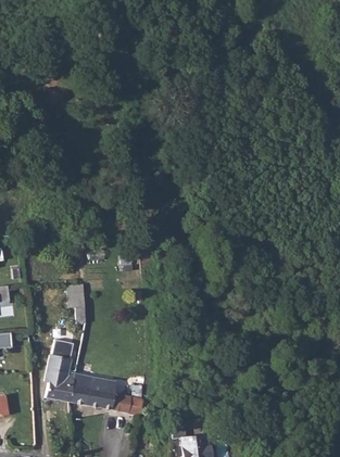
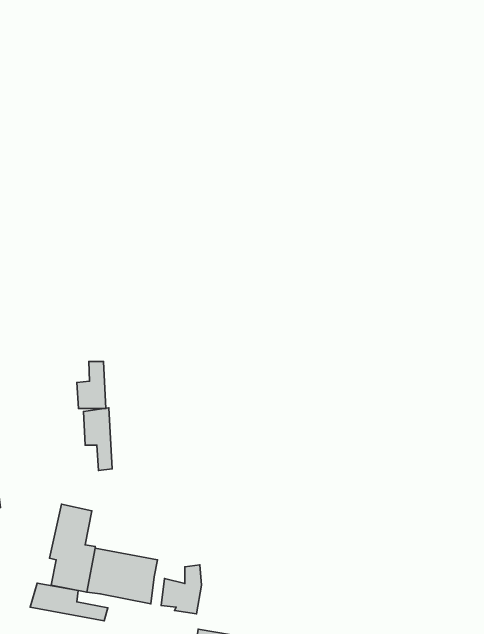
building: none -> [77,362,106,408]
building: none -> [30,583,108,621]

